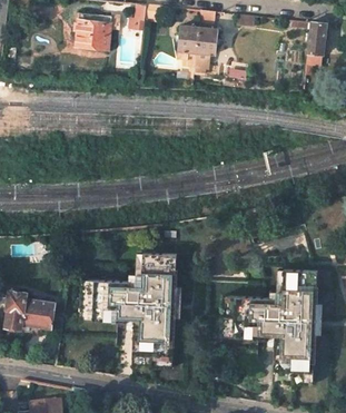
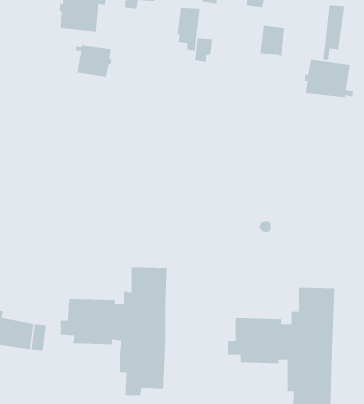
building: [196,27,218,55] -> [259,25,285,57]
building: none -> [75,45,112,78]
building: none -> [304,59,354,98]

